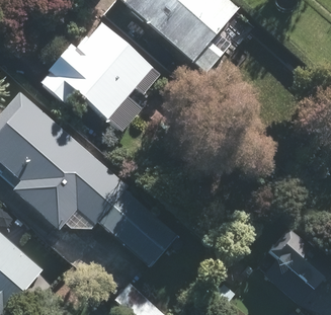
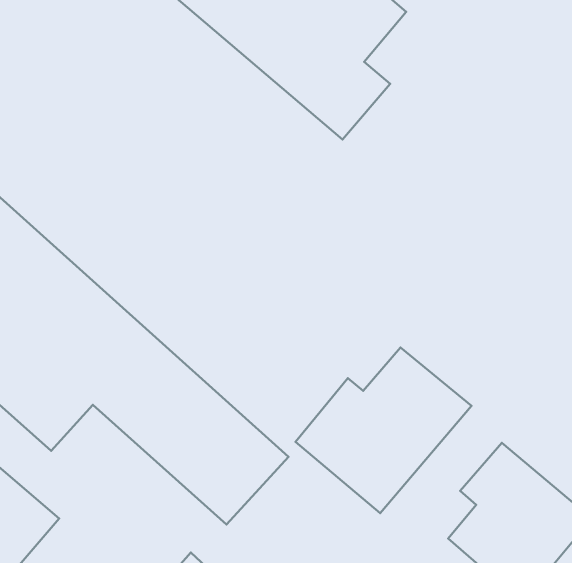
building: [38,21,160,132] -> none
building: none -> [295,348,472,513]

